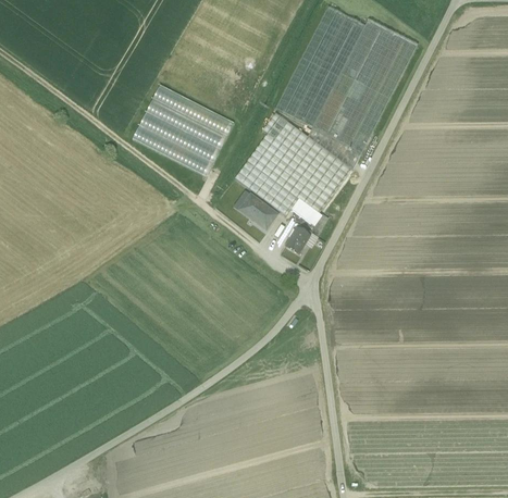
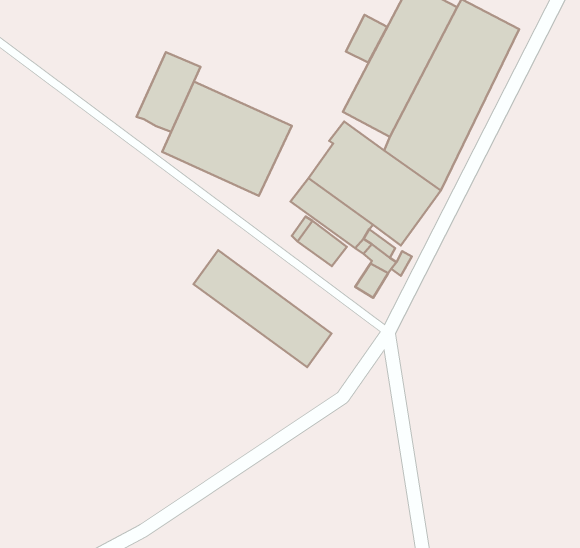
building: none -> [346,15,387,62]
building: none -> [137,52,201,132]
building: none -> [194,250,332,367]

